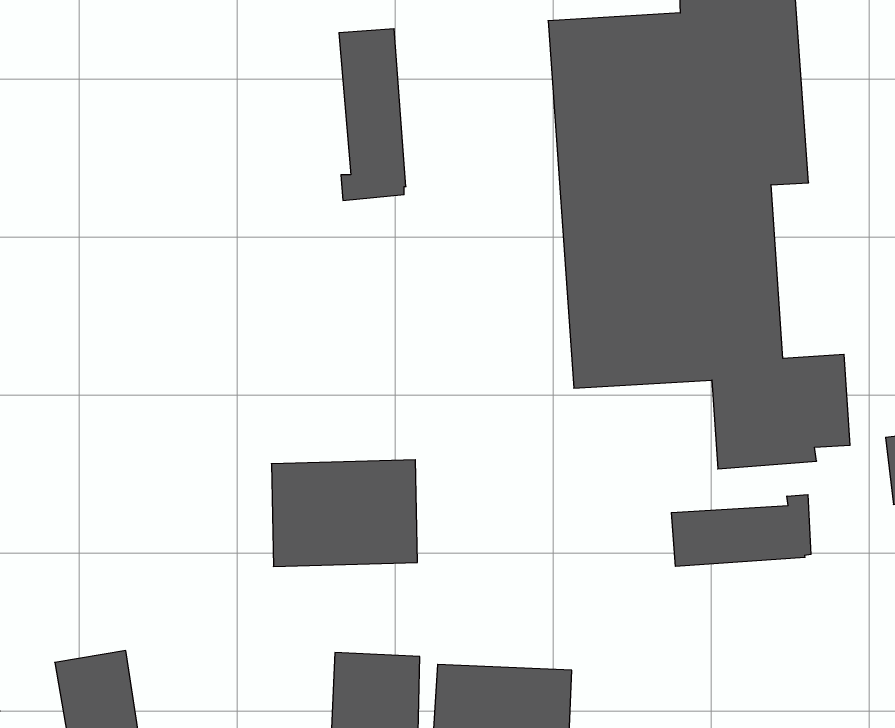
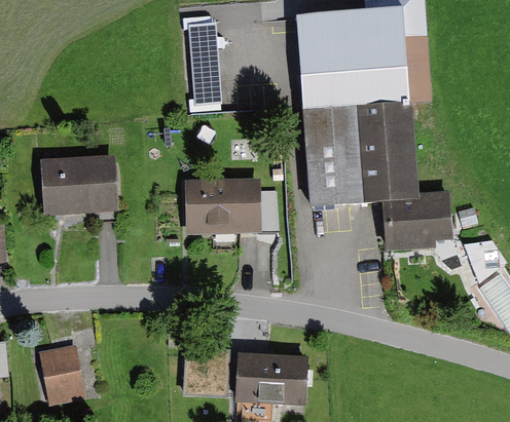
building: none -> [40,155,118,215]
building: [271,460,417,566] -> [185,178,261,233]
building: [671,495,811,566] -> none

